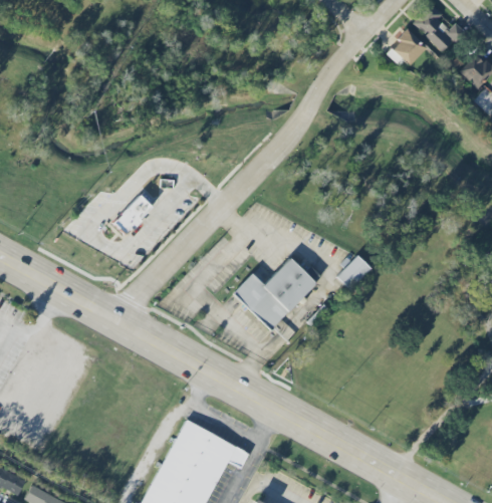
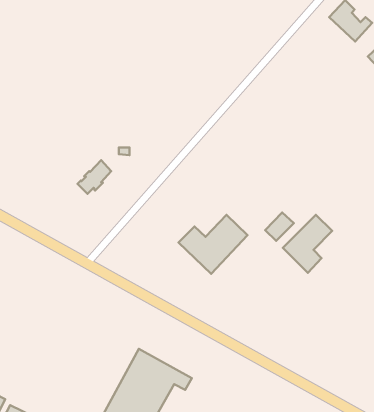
building: [387,27,425,69] -> none
building: none -> [283,215,332,273]

